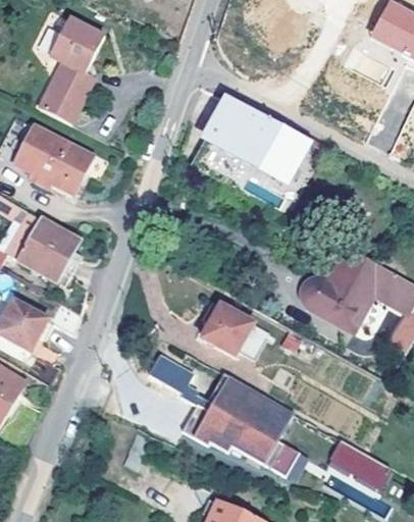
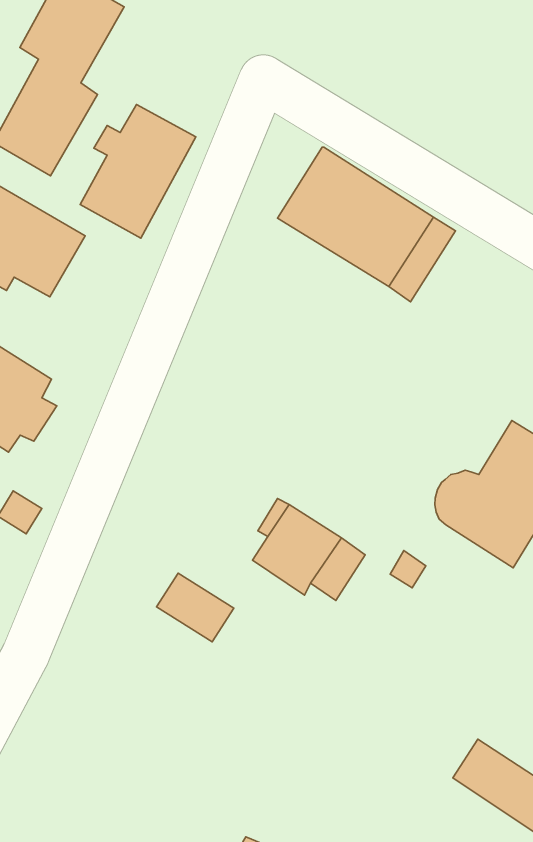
building: none -> [80,105,196,238]
building: [184,372,297,469] -> none

